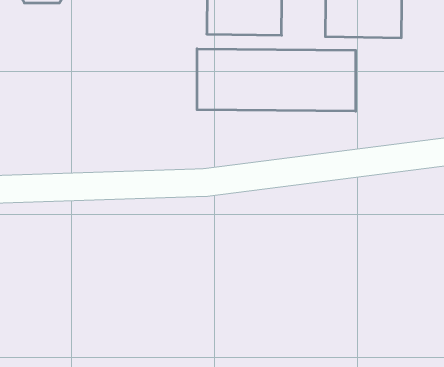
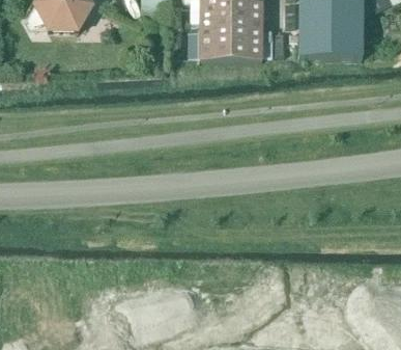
building: [197,49,356,111] -> none

